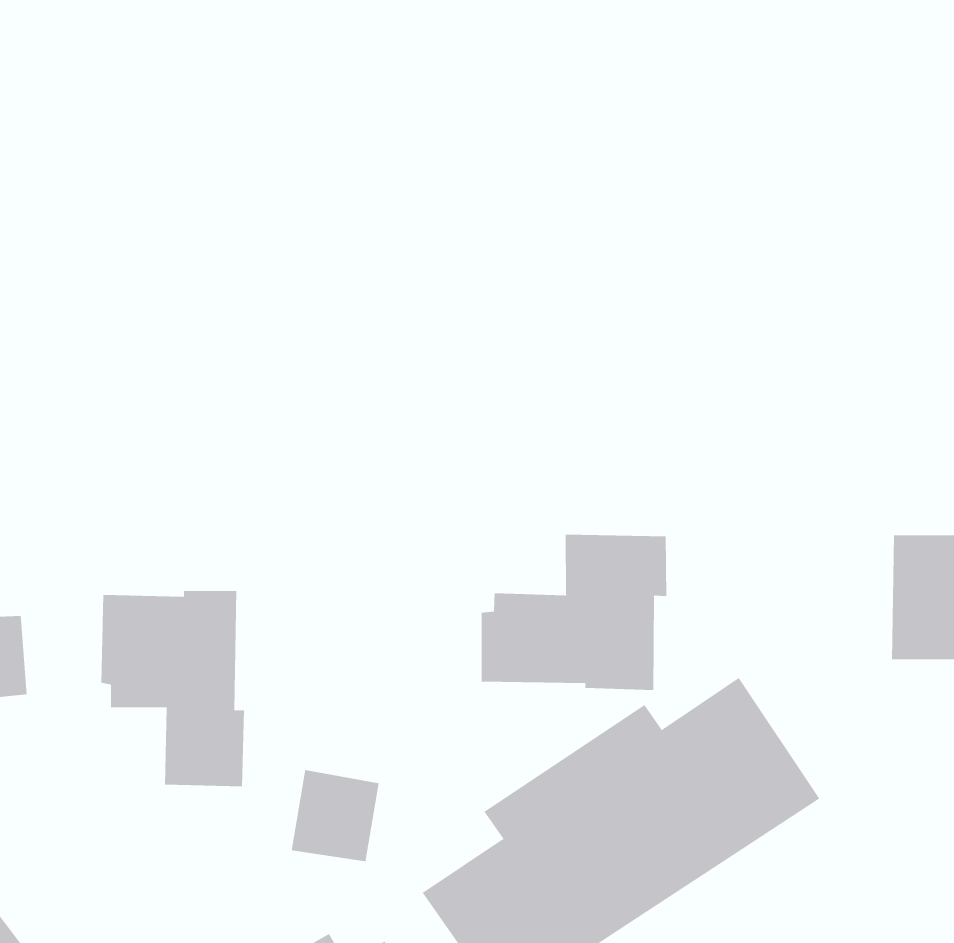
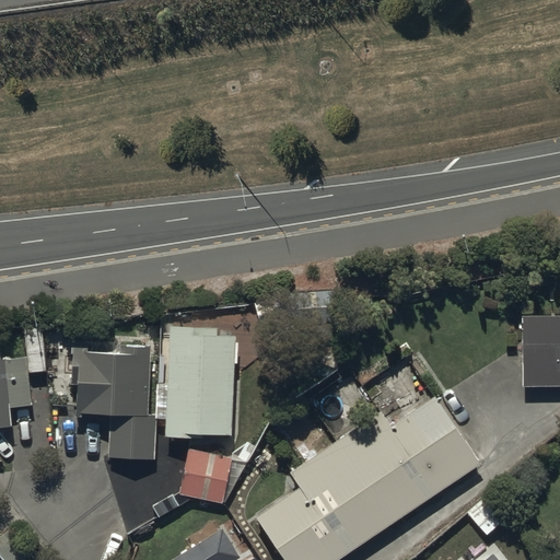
building: [481,534,667,691] -> none
building: none -> [158,327,234,440]

